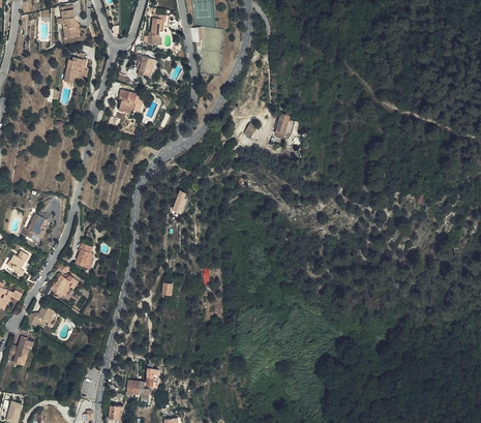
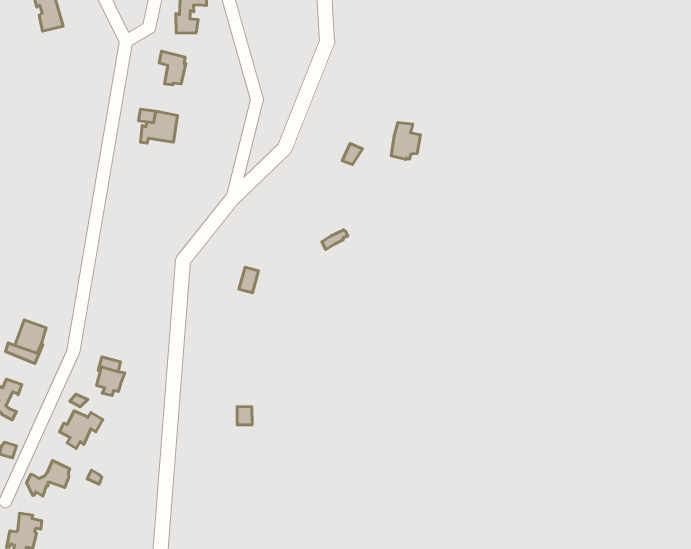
building: [63,58,87,84] -> none

